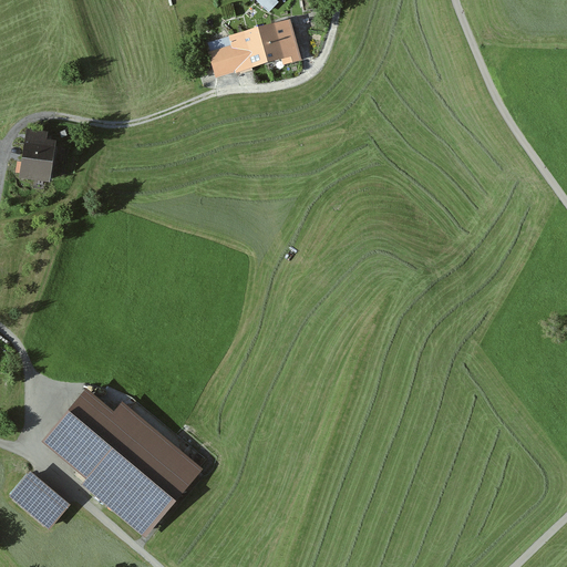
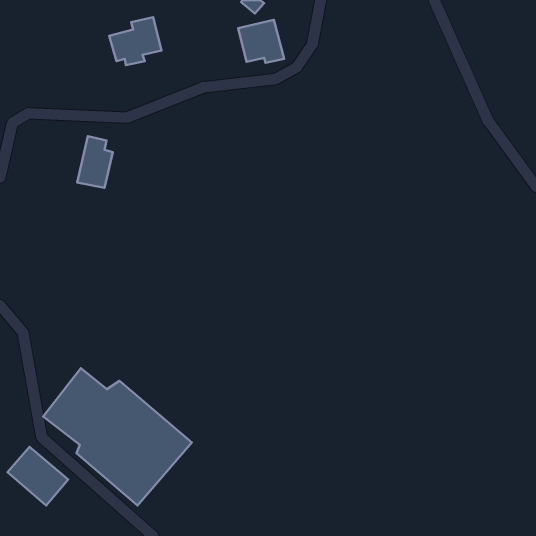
building: [205,30,260,81] -> [109,17,161,65]
building: [18,126,55,181] -> [77,136,113,188]

